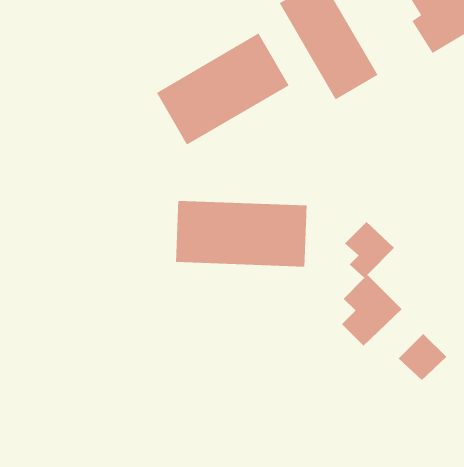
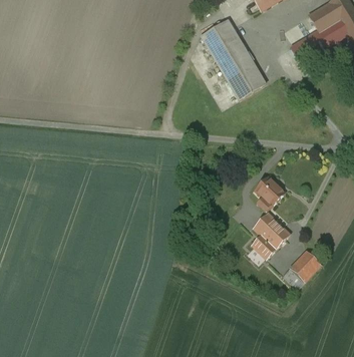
building: [156,33,289,146] -> none
building: [175,200,307,267] -> none

